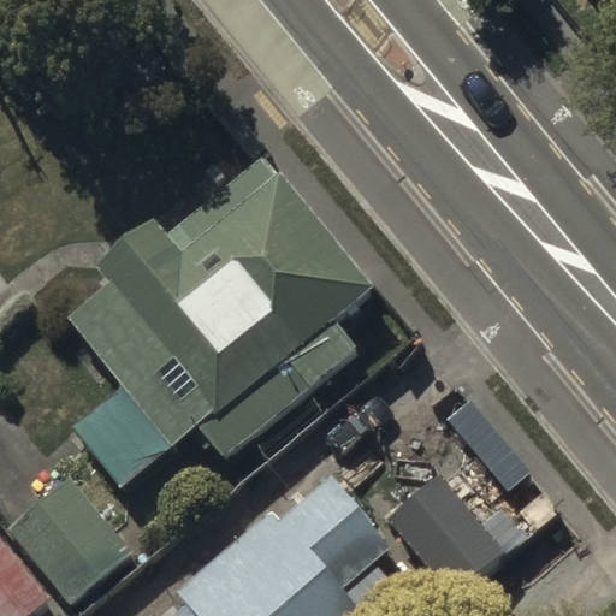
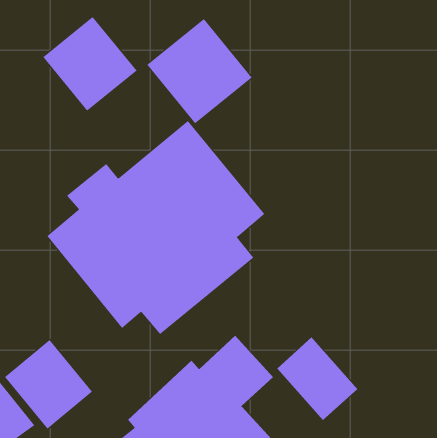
building: none -> [42,16,137,112]
building: none -> [146,18,253,124]

